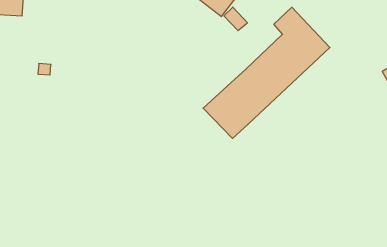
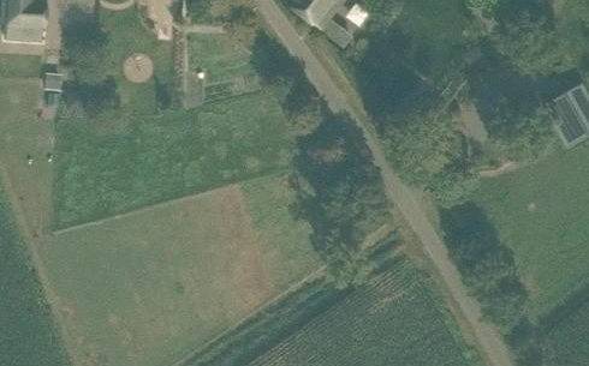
building: [203,7,330,138] -> none

